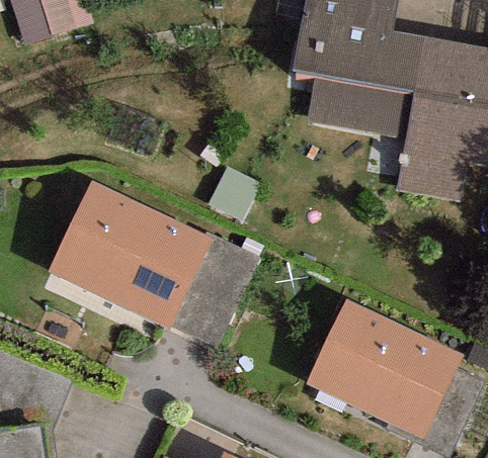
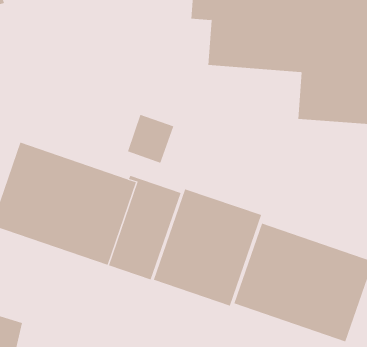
building: none -> [153,188,262,306]

